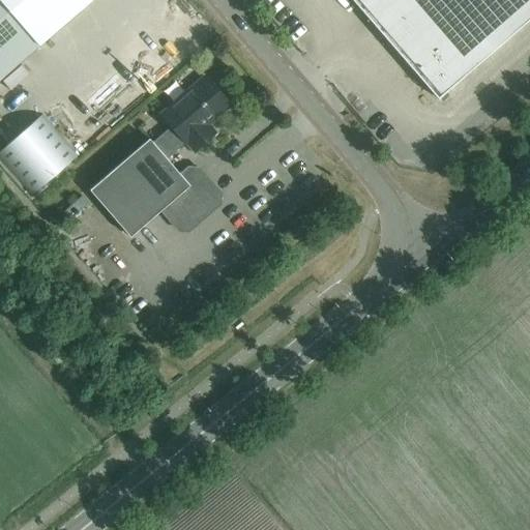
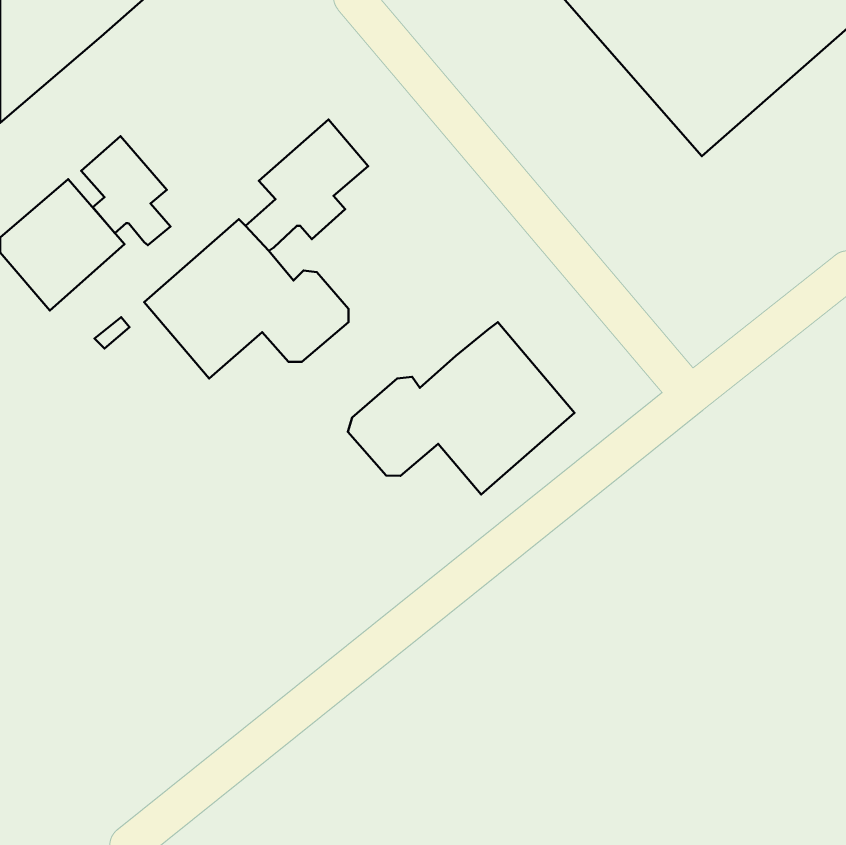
building: none -> [81,136,170,245]
building: none -> [348,322,575,495]

